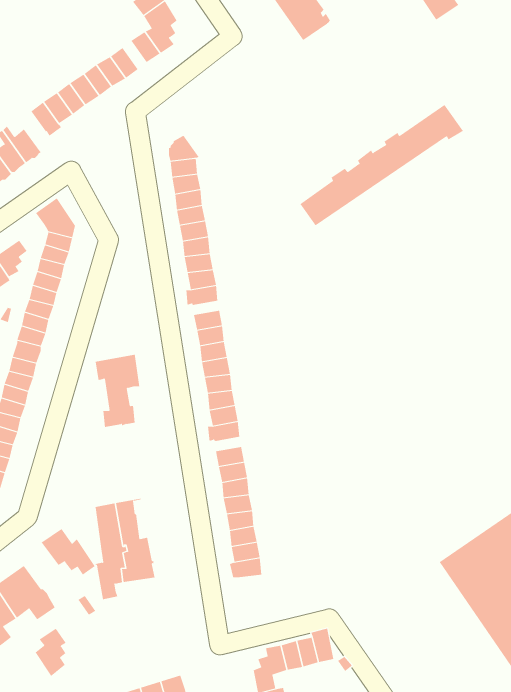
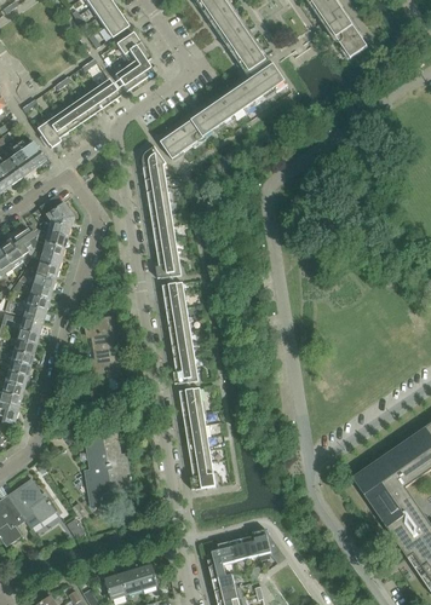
building: [299,104,464,226] -> [161,64,288,159]
building: [41,528,95,576] -> none
building: [35,628,66,677] -> none

